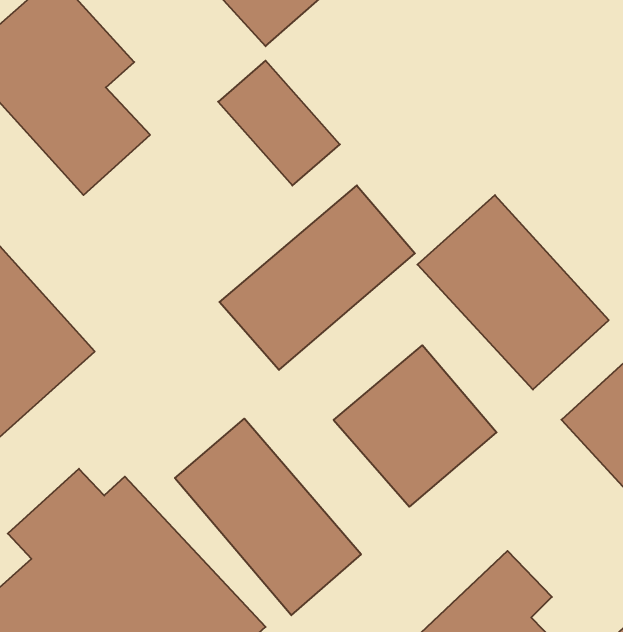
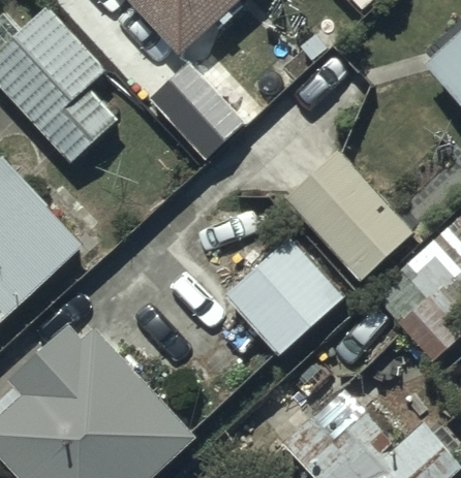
building: [219,185,415,370] -> none
building: [175,419,361,615] -> none

